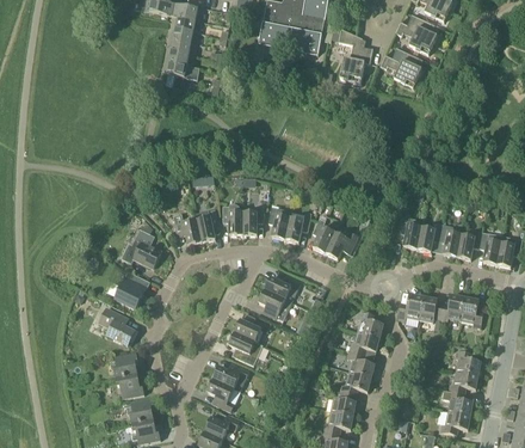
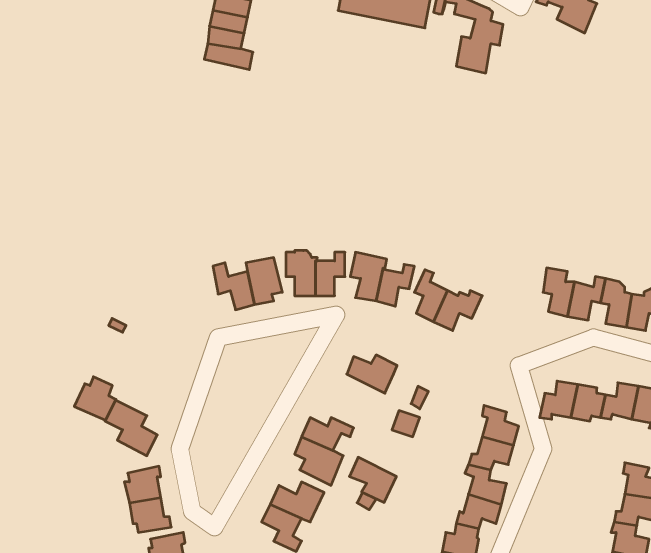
building: [379,48,422,87] -> none
building: [122,228,161,268] -> none
building: [115,278,143,308] -> [74,377,116,420]
building: [259,289,291,320] -> [349,457,396,502]

